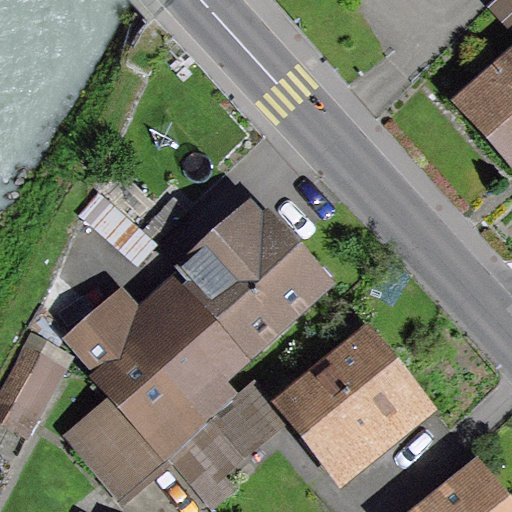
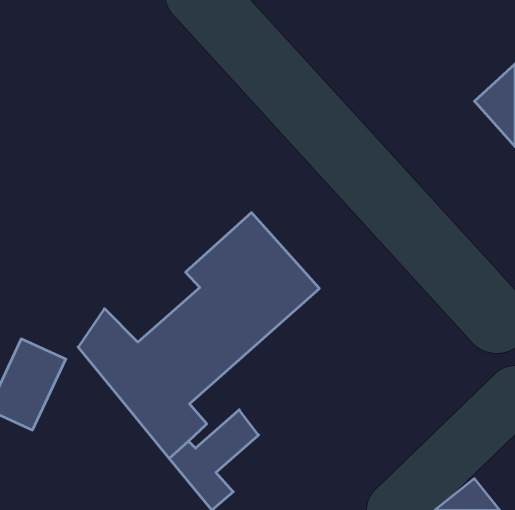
building: [286,340,419,472] -> none
building: [72,394,167,492] -> none

